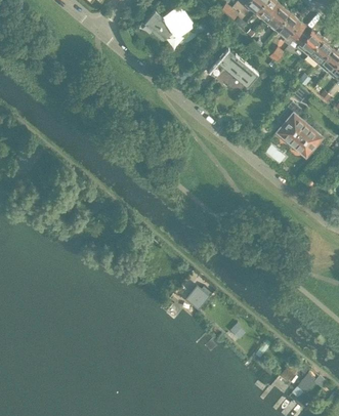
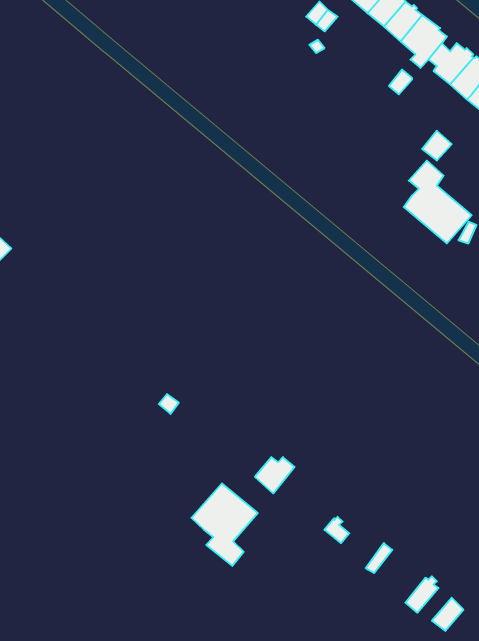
building: [144,9,188,40] -> none
building: [209,49,258,86] -> none
building: none -> [191,483,258,566]

